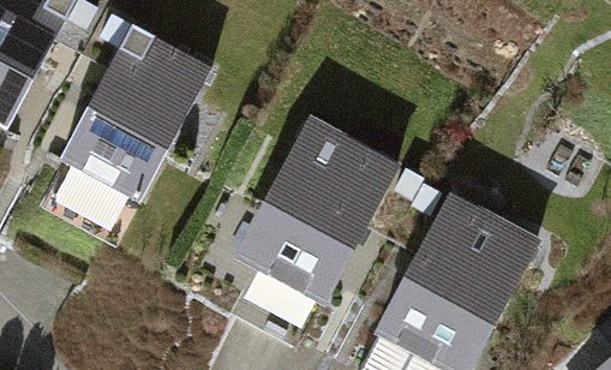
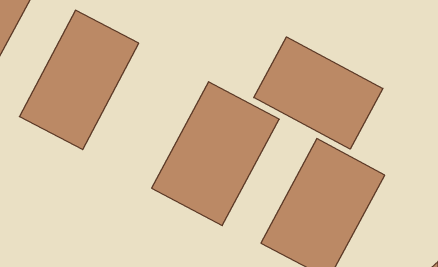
building: none -> [254,37,383,149]

